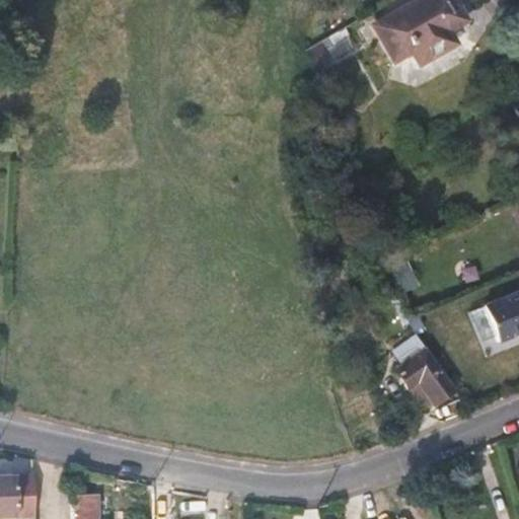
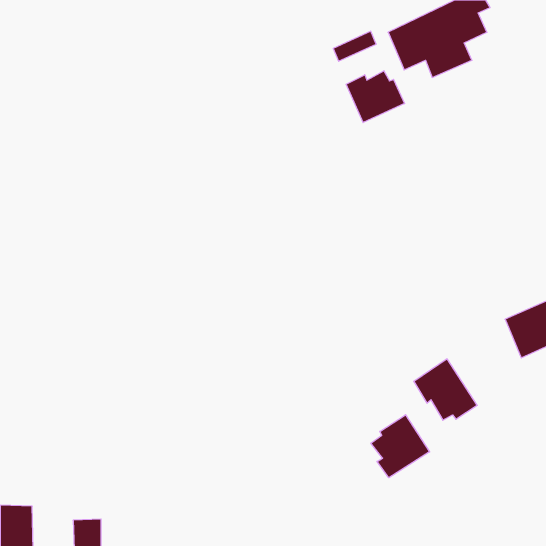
building: none -> [346,71,405,123]
building: none -> [371,415,430,478]

